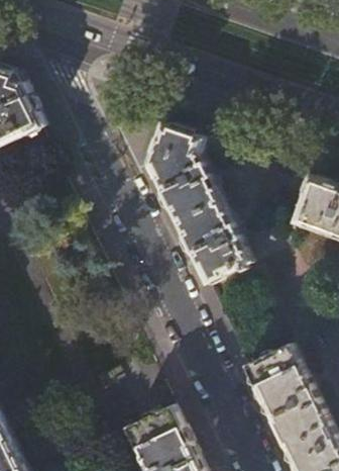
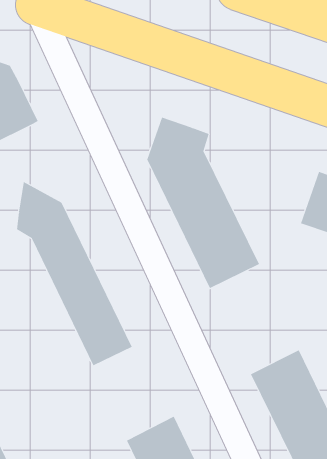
building: none -> [16,181,132,366]

